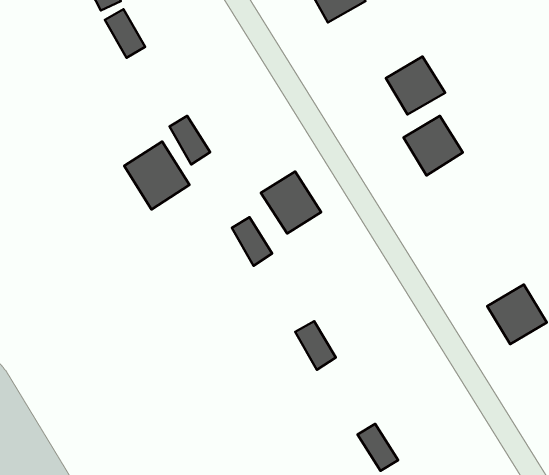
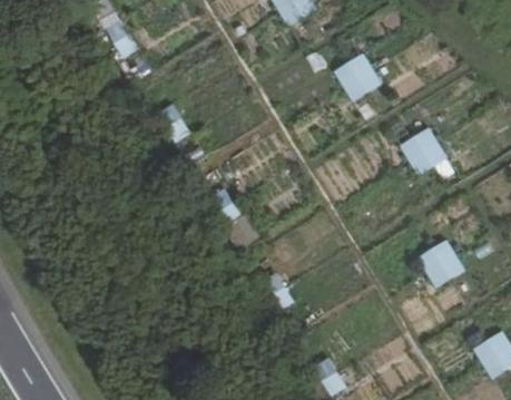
building: [403,116,463,175] -> [400,127,449,176]
building: [124,141,190,209] -> none
building: [261,171,321,233] -> none

